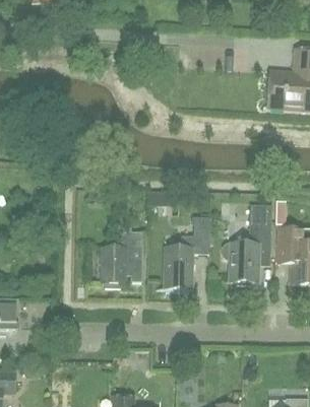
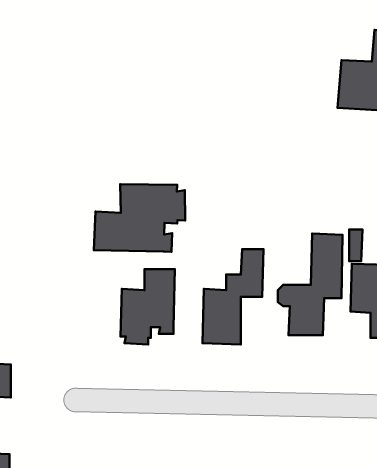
building: none -> [94,184,185,252]

